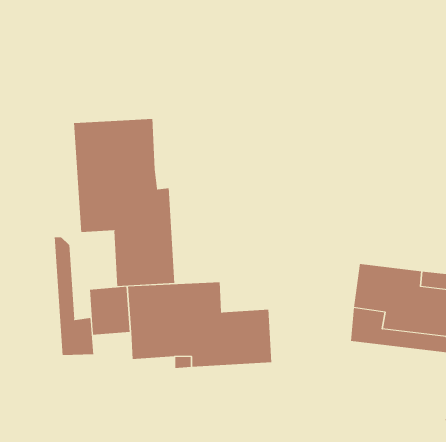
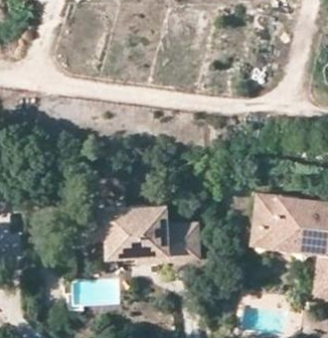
building: [73,118,175,287] -> none
building: [54,236,94,356] -> none

